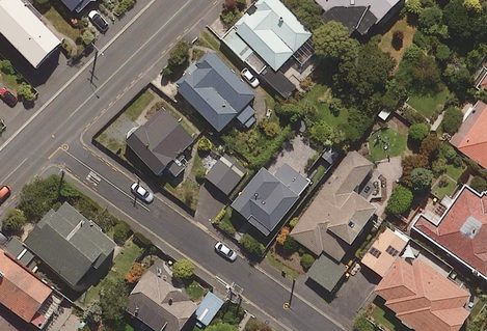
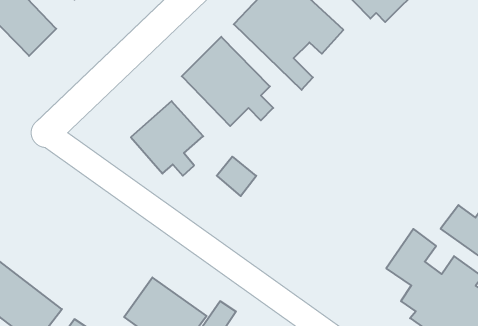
building: [231,133,324,235] -> none
building: [290,148,375,291] -> none
building: [23,197,116,286] -> none

